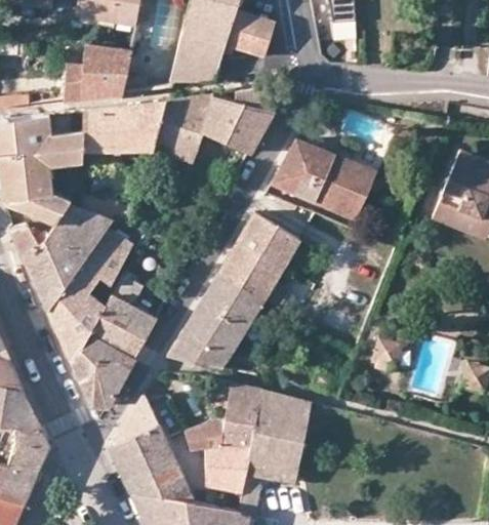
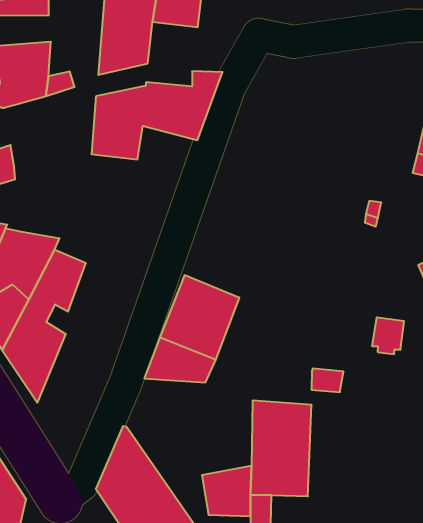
building: [83,102,165,152] -> none
building: [269,139,374,219] -> none
building: [217,212,299,309] -> none
building: [70,276,157,408] -> none
building: [185,381,259,451] -> none

